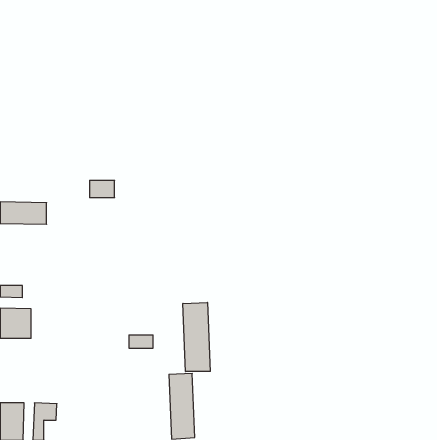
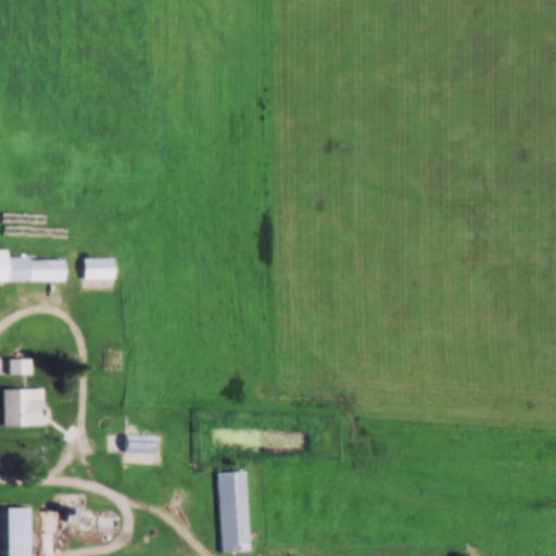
building: [90,180,115,198] -> [83,258,114,280]
building: [183,302,210,372] -> none
building: [129,335,153,348] -> [123,435,153,452]

